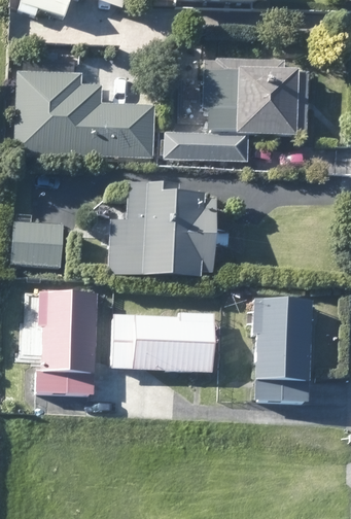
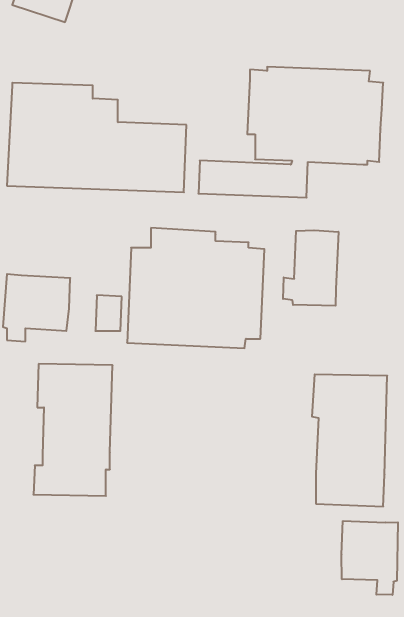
building: none -> [283,230,338,306]
building: [112,311,215,371] -> none
building: none -> [342,521,398,595]

